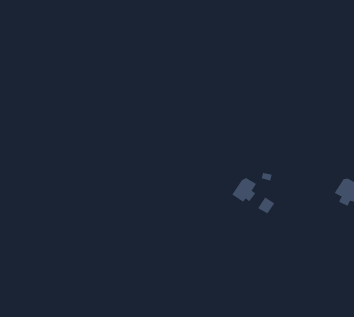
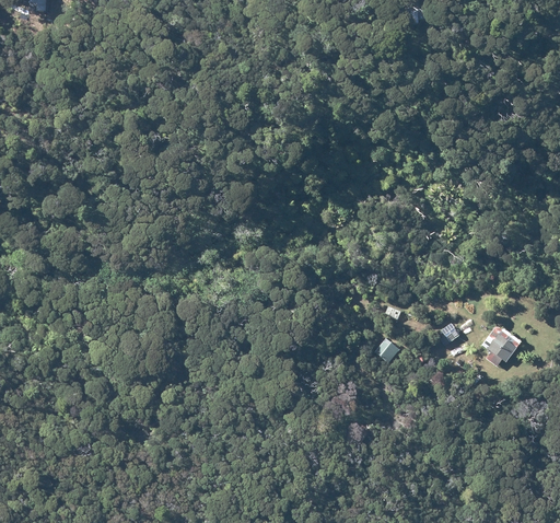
building: [232,177,257,203] -> none

